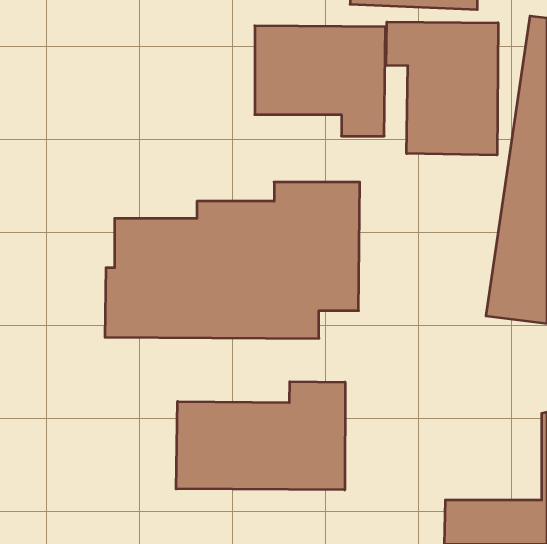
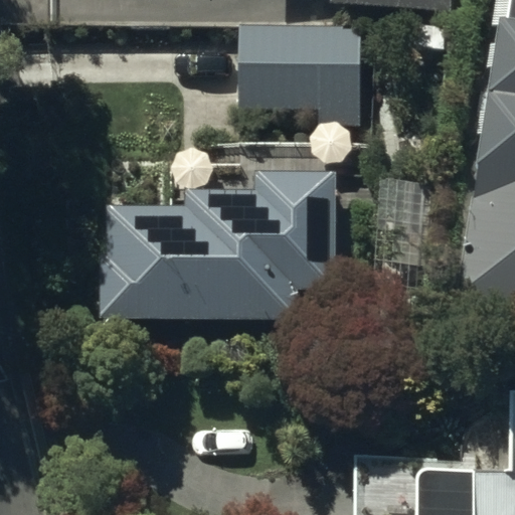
building: [386,22,498,155] -> none
building: [176,382,345,490] -> none

